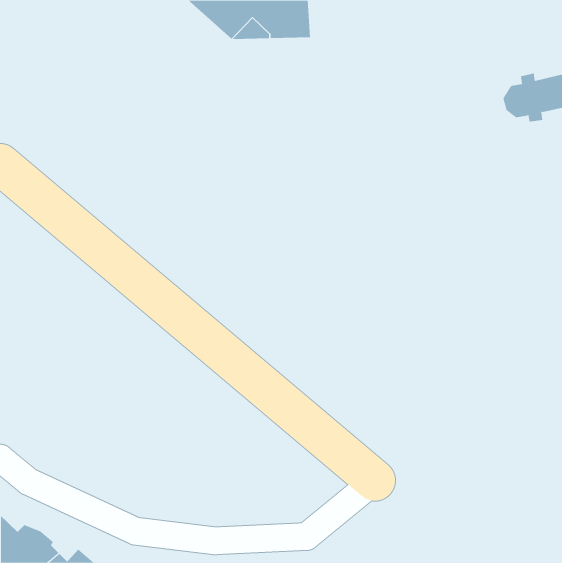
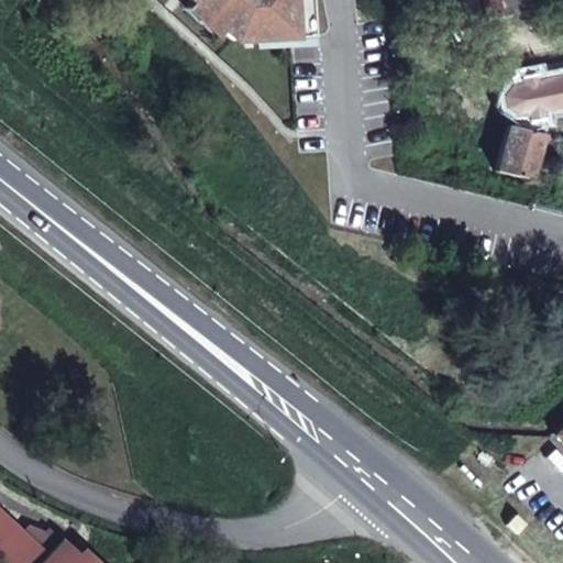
building: none -> [496,125,543,179]

